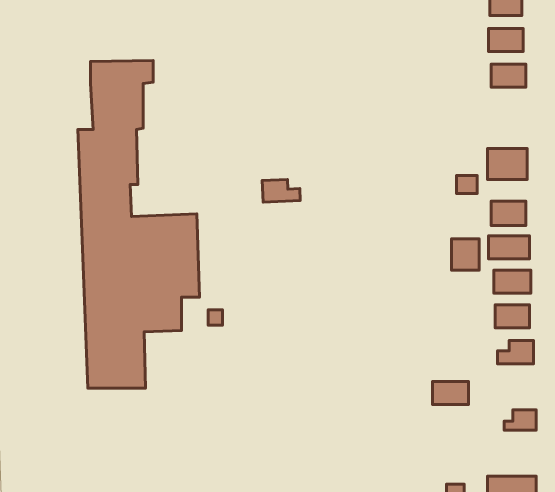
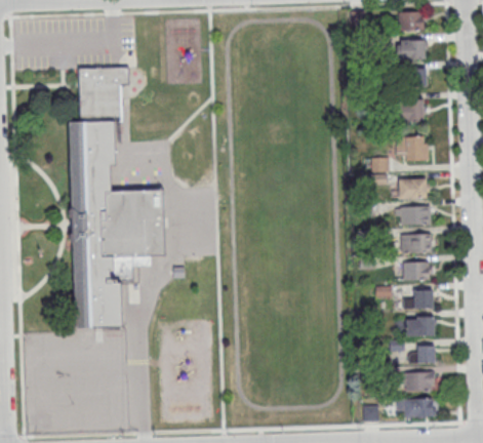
building: none -> [399,99,424,122]
building: [262,179,300,202] -> none
building: [452,239,479,270] -> none
building: [433,382,468,405] -> [406,317,435,335]
building: none -> [401,372,437,391]

